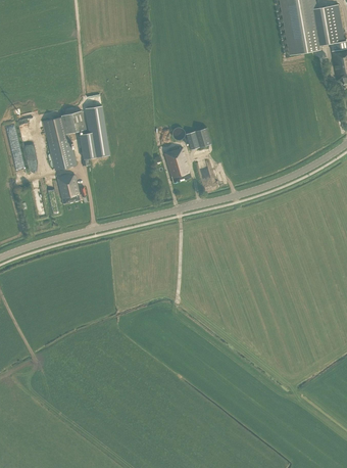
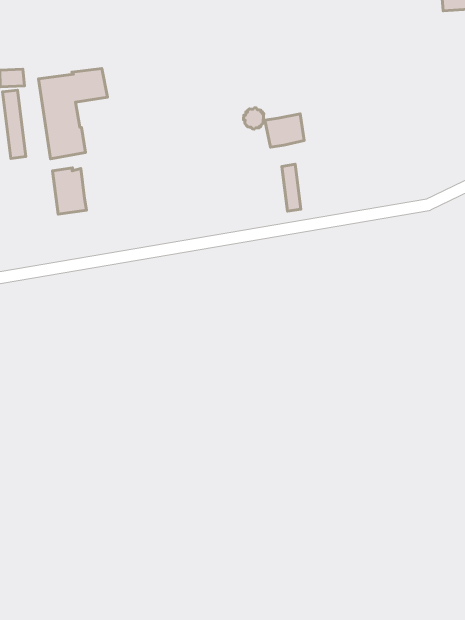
building: [79,131,98,158] -> none
building: [163,147,190,182] -> none

